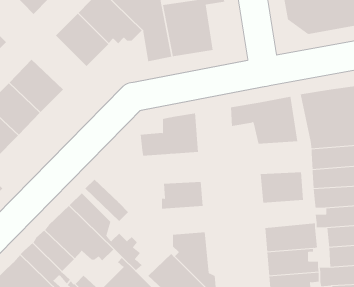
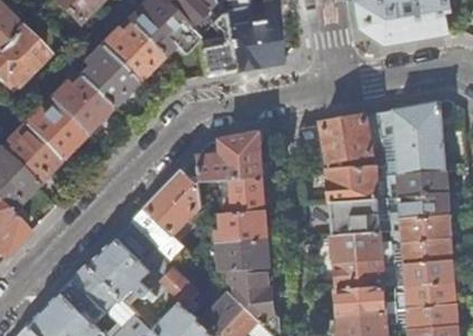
building: none -> [73,44,135,105]
building: none -> [329,164,389,201]
building: none -> [144,167,201,233]
building: none -> [212,176,265,213]
building: none -> [334,231,394,262]
building: none -> [220,237,270,269]

